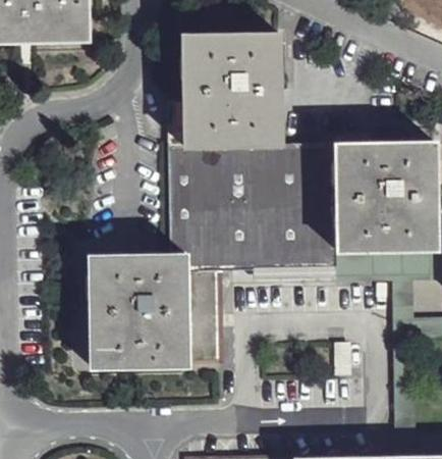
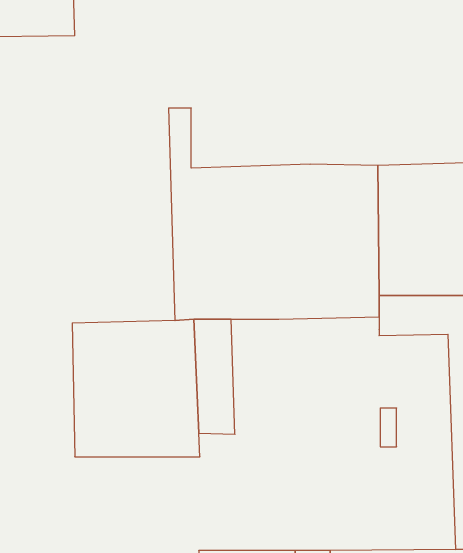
building: [183,33,282,144] -> none

